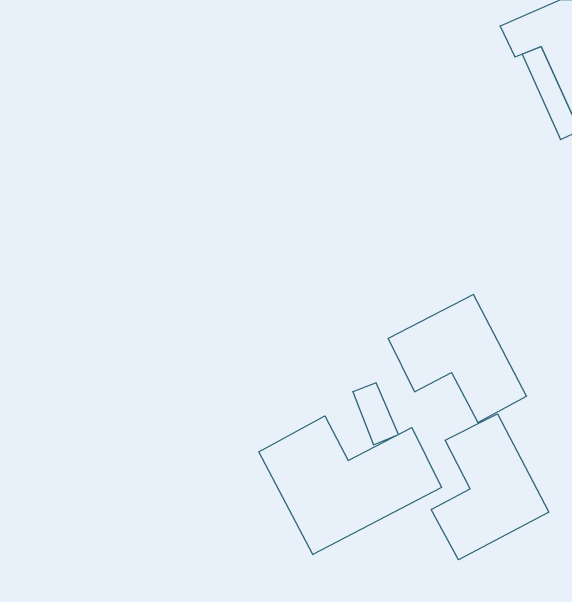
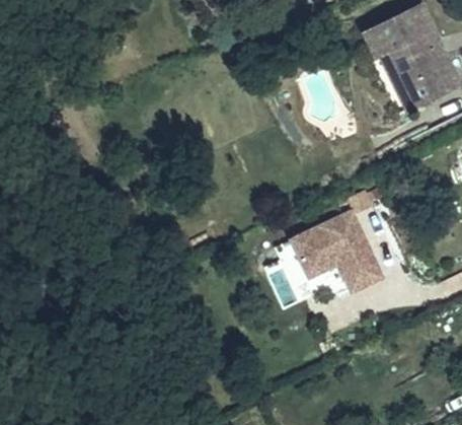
building: [431,414,549,560] -> none
building: [259,416,442,555] -> none

